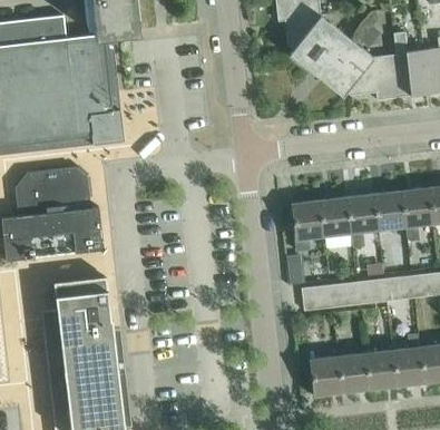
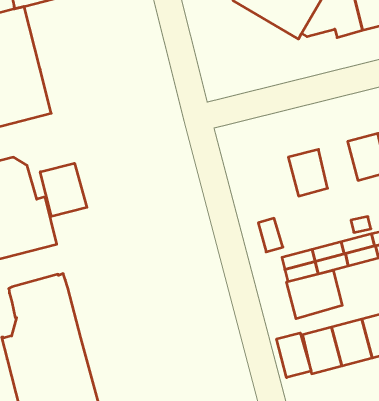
building: none -> [40,163,87,216]
building: [348,194,379,233] -> none
building: [292,201,324,240] -> none
building: none -> [287,270,342,319]
building: none -> [277,333,311,378]

